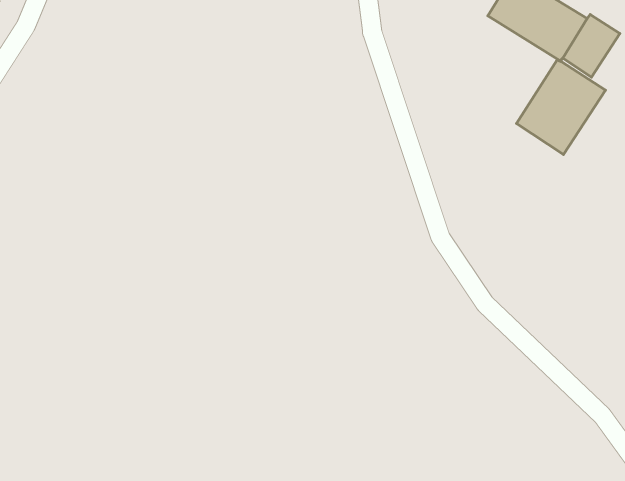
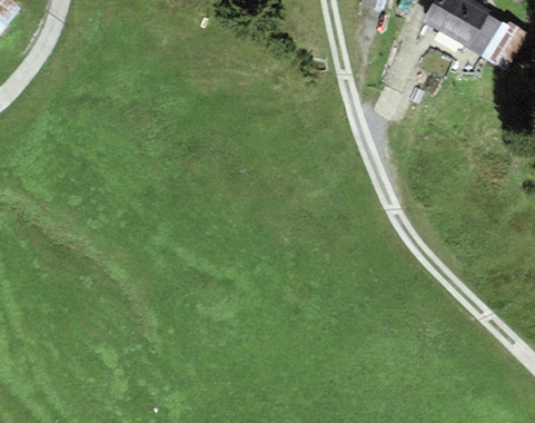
building: [516,60,606,154] -> none

